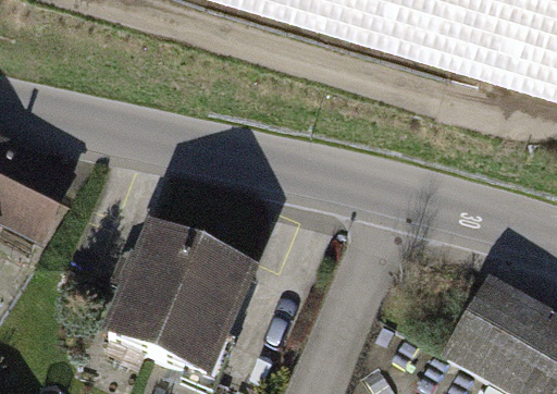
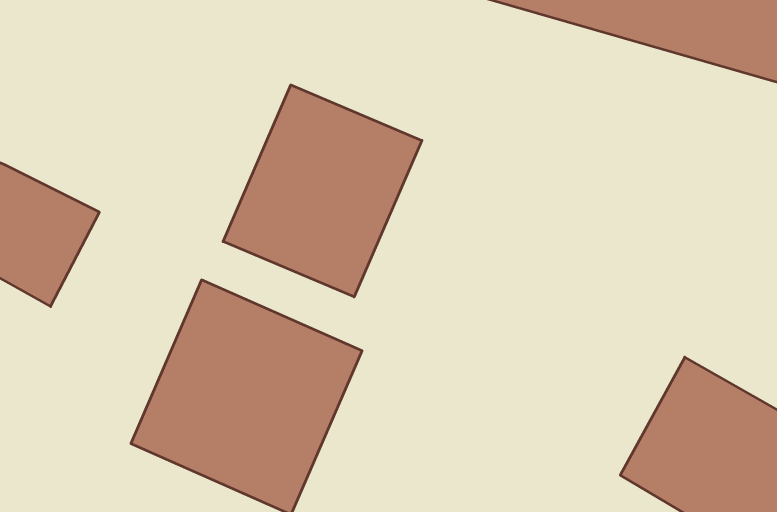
building: none -> [223,85,422,297]

